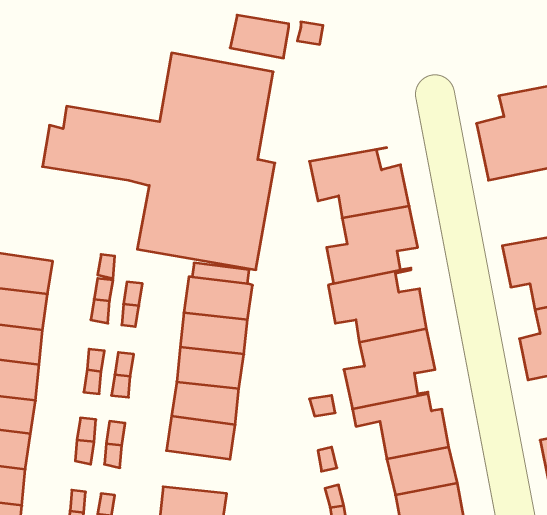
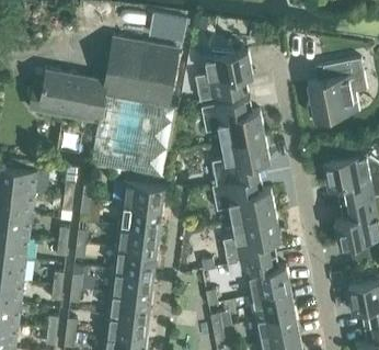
building: none -> [194,52,252,102]
building: none -> [107,293,150,320]

